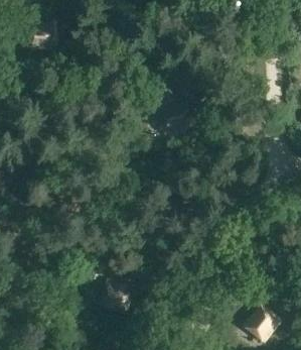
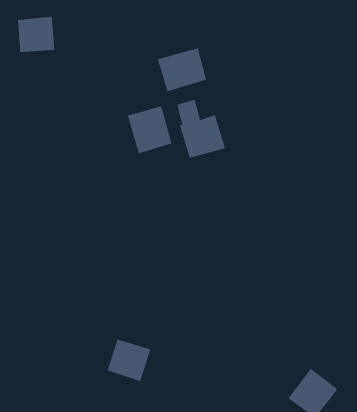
building: none -> [157,47,207,92]
building: none -> [127,105,172,154]

